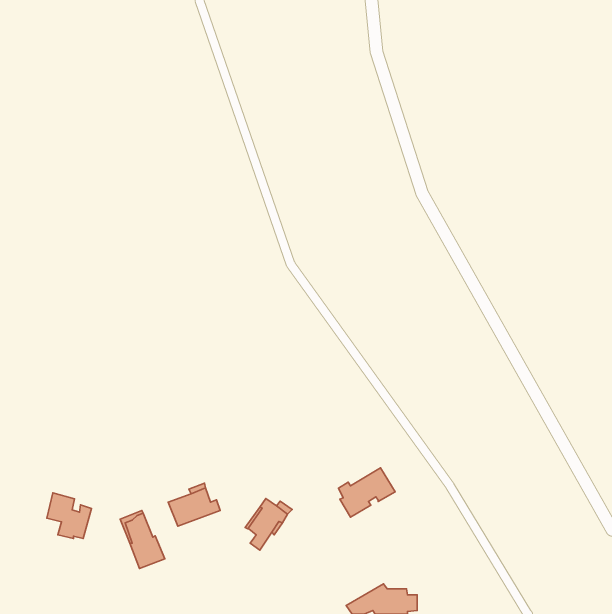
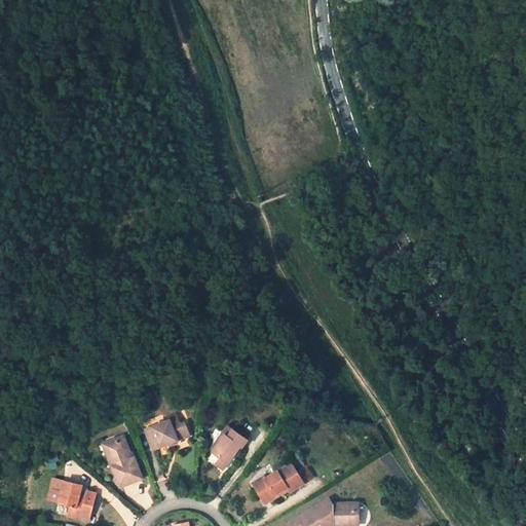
building: [338,468,395,517] -> [254,463,302,505]
building: [47,493,91,539] -> [57,481,95,520]

